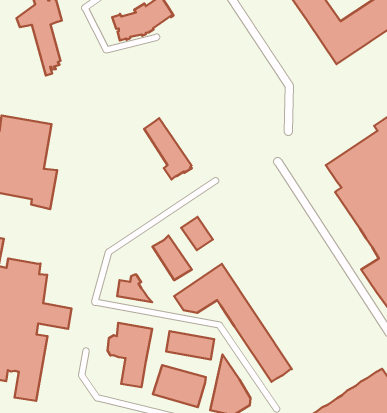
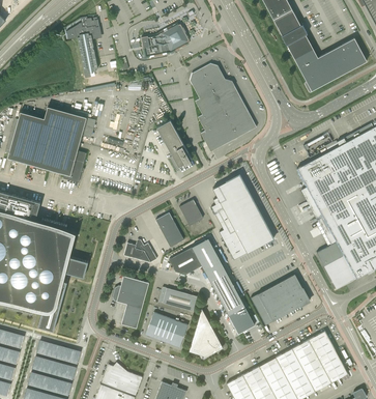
building: none -> [190,63,257,152]
building: none -> [211,175,273,260]
building: none -> [251,275,310,325]

